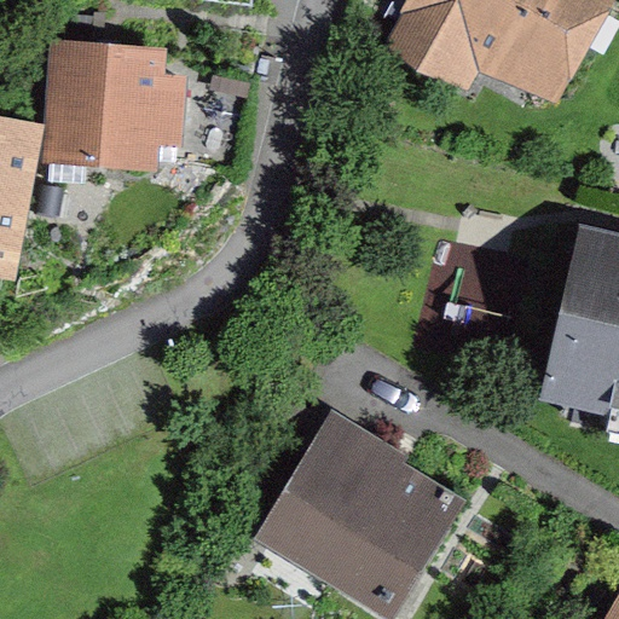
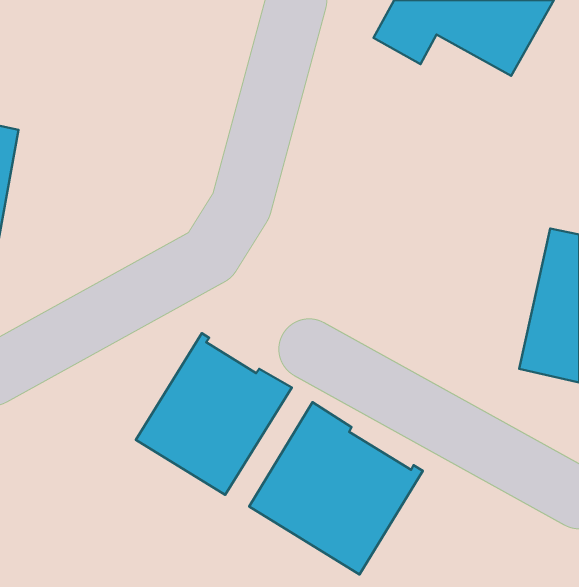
building: [45,52,244,172] -> none
building: none -> [136,333,292,495]

